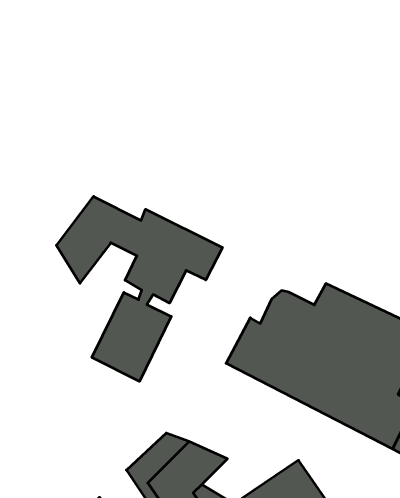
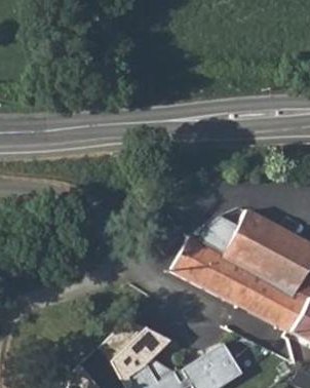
building: [56,196,222,381] -> none

